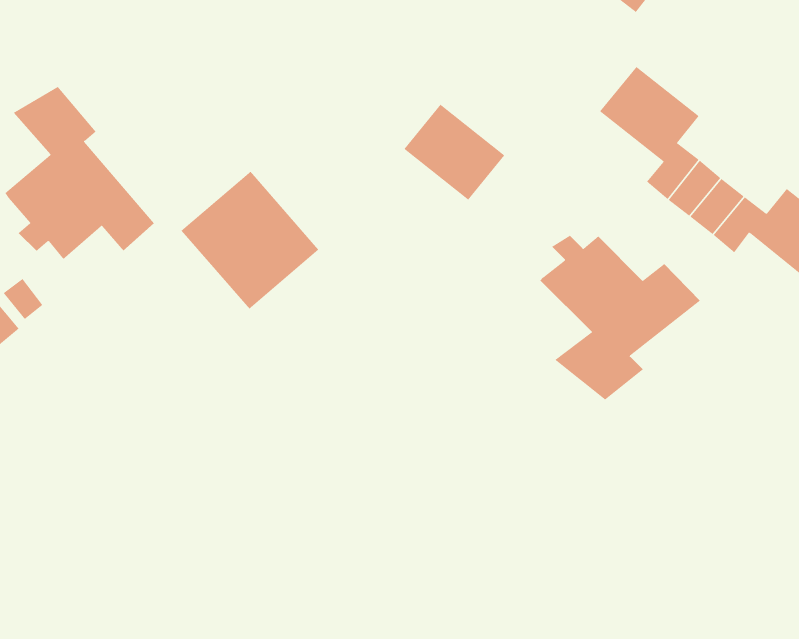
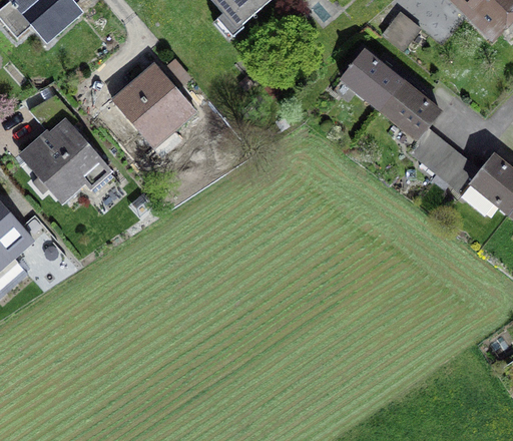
building: [403,104,505,201] -> [342,51,403,109]
building: [181,171,319,309] -> [112,64,195,147]
building: [539,235,701,400] -> none

